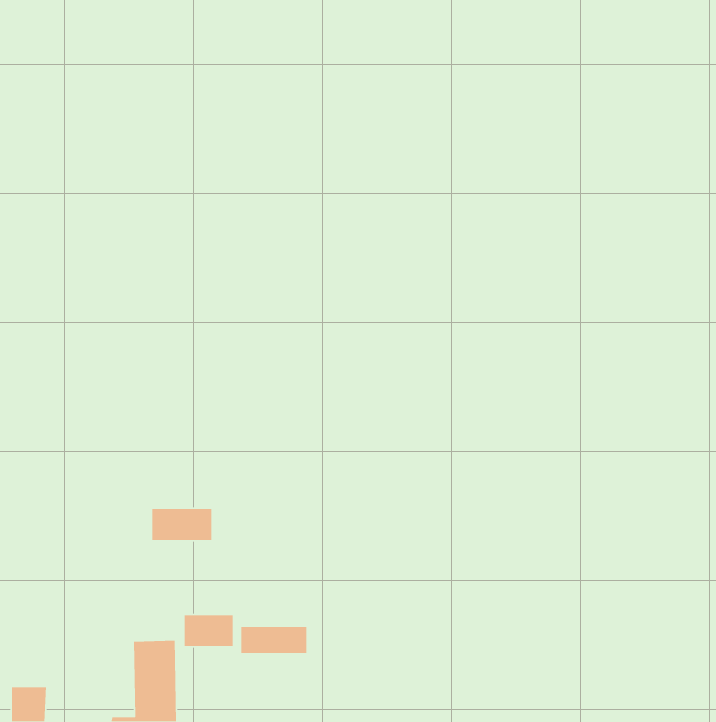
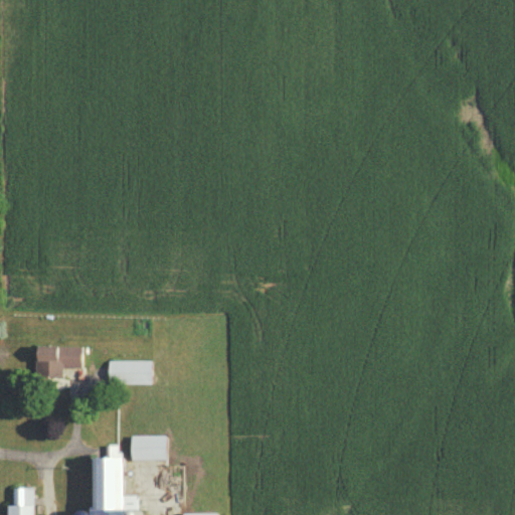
building: none -> [35,346,80,378]
building: [240,626,307,654] -> none

